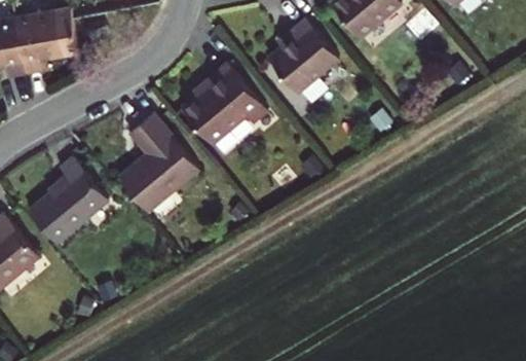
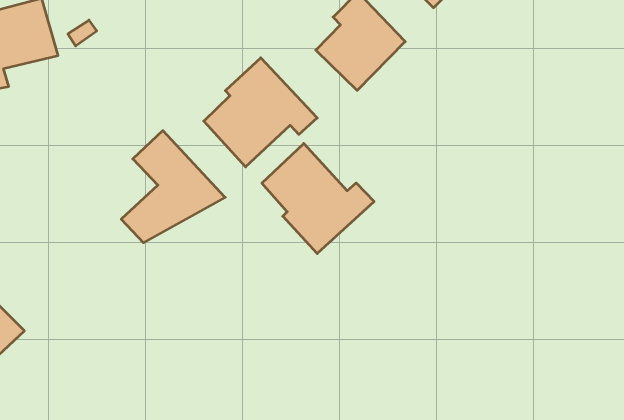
building: none -> [262,143,374,254]
building: [29,157,108,245] -> none

